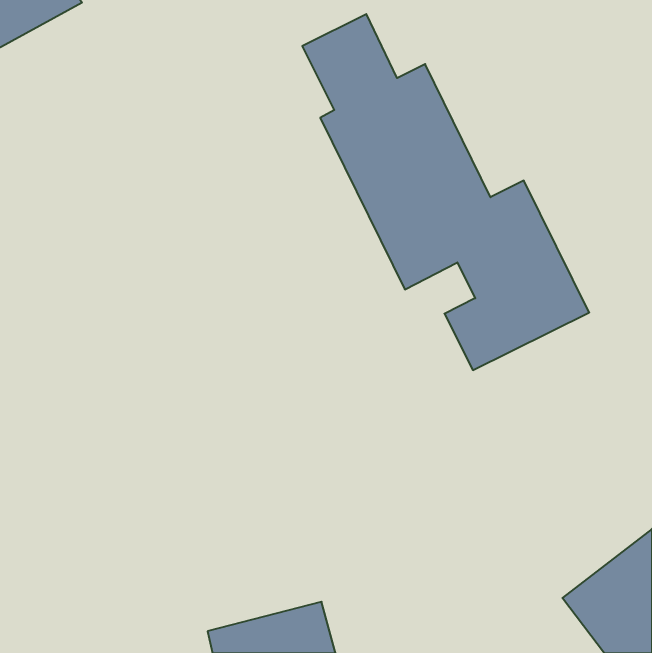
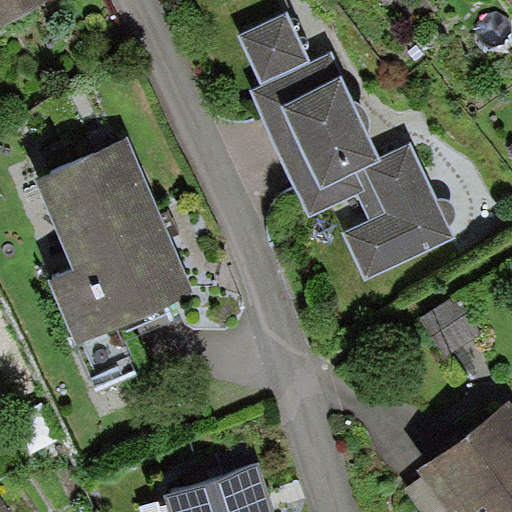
building: none -> [34,141,189,339]

